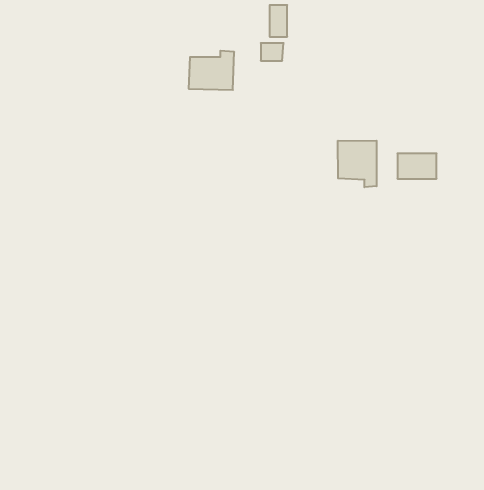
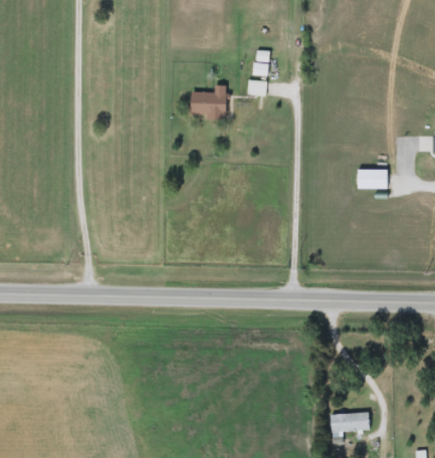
building: [338,141,377,187] -> none
building: none -> [331,413,369,431]

